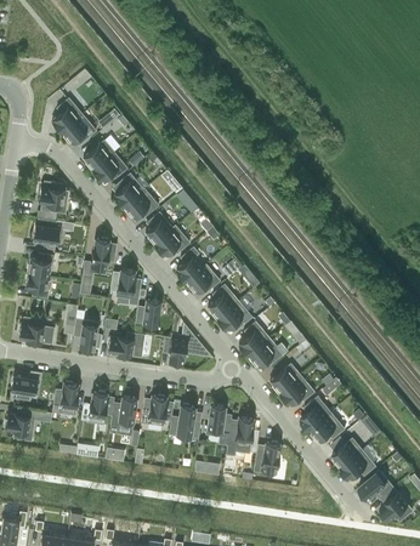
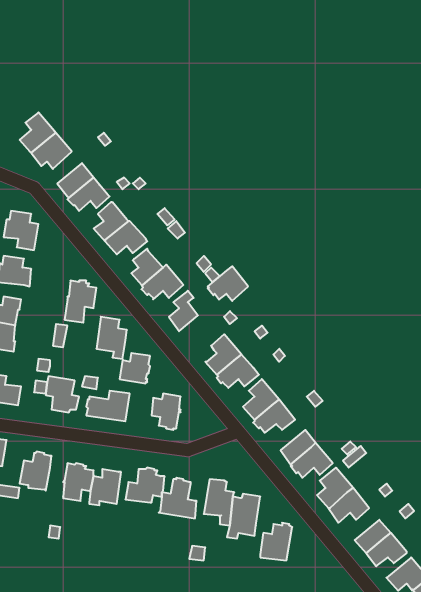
building: [186,265,220,294] -> [208,266,248,301]

